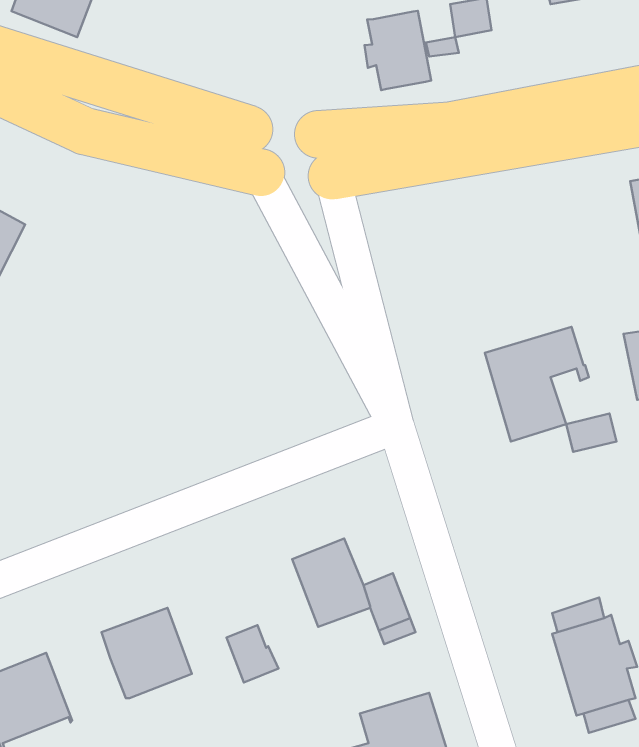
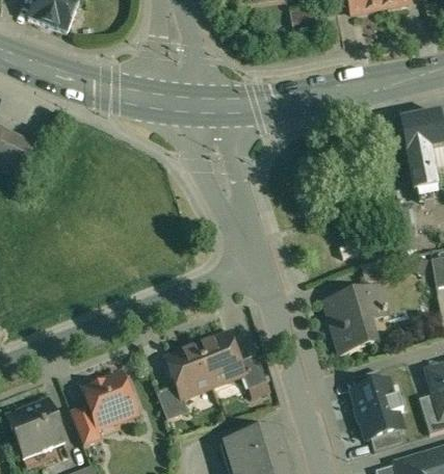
building: [364,11,431,90] -> none
building: [485,327,589,441] -> [324,285,387,353]
building: none -> [164,345,211,398]
building: none -> [70,404,101,446]

